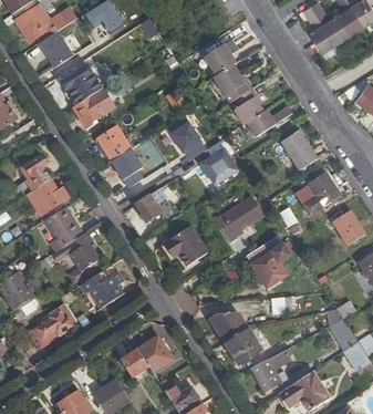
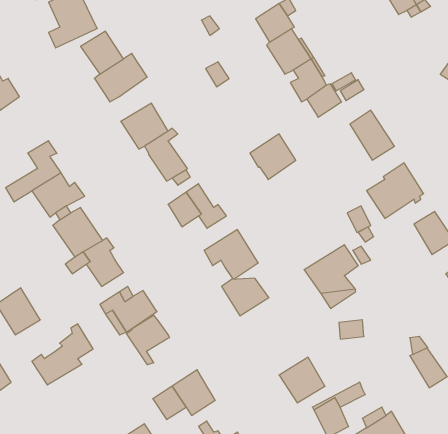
building: [170,113,208,159] -> none
building: [221,196,263,239] -> none
building: none -> [127,315,169,365]
building: [209,311,247,341] -> [222,278,269,316]

